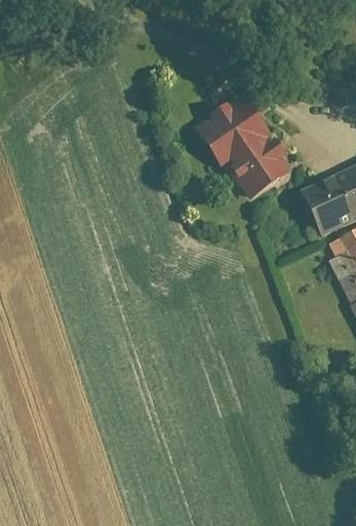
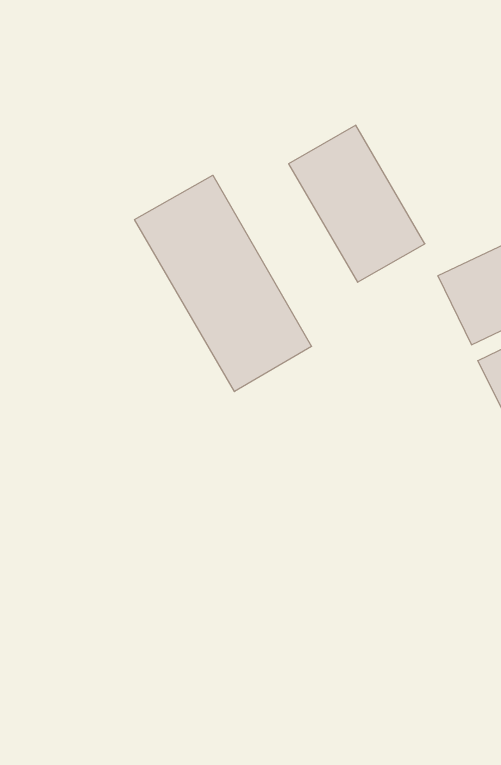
building: none -> [135,175,312,392]

